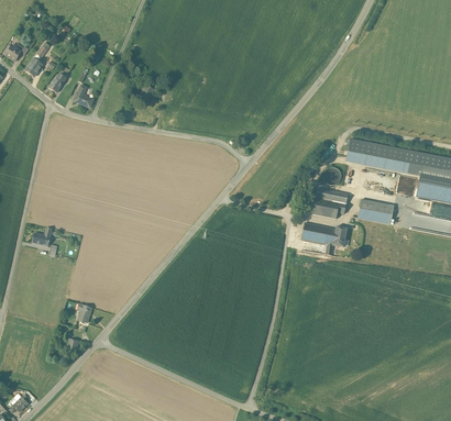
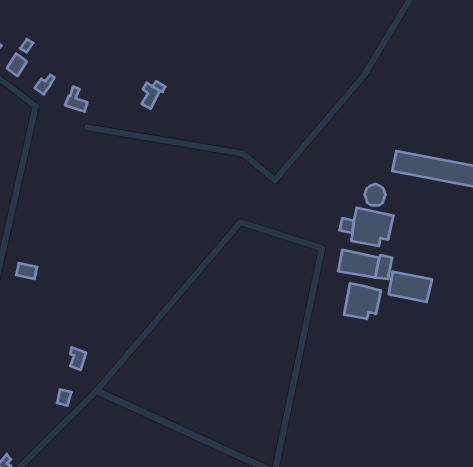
building: [358,199,394,224] -> [389,272,432,302]
building: none -> [344,283,381,319]

